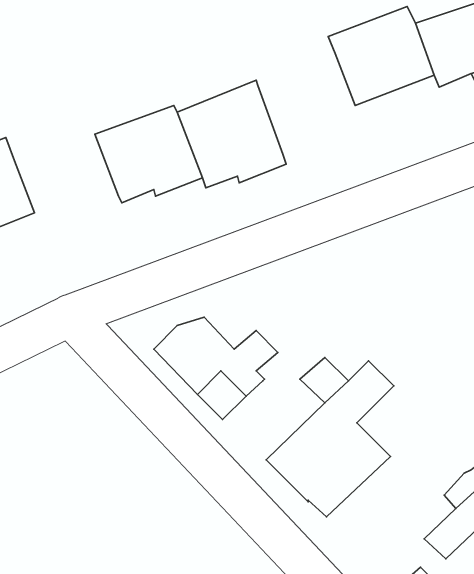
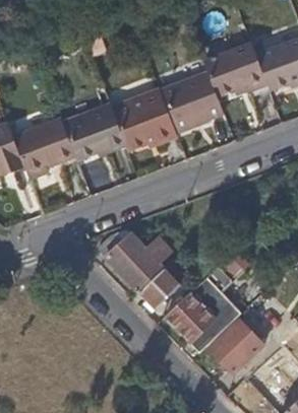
building: none -> [161,70,224,131]
building: none -> [13,116,76,180]
building: none -> [139,268,181,308]
building: none -> [208,319,263,373]

